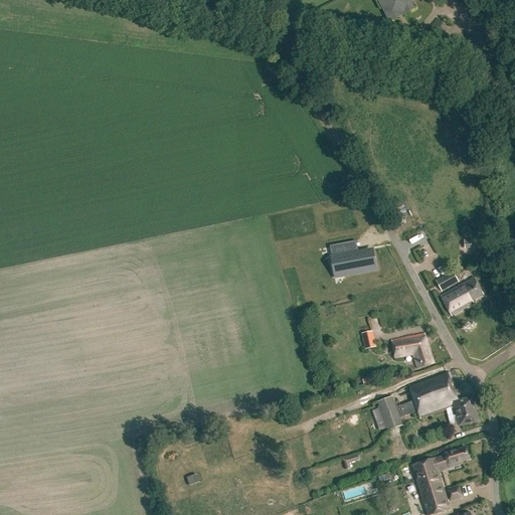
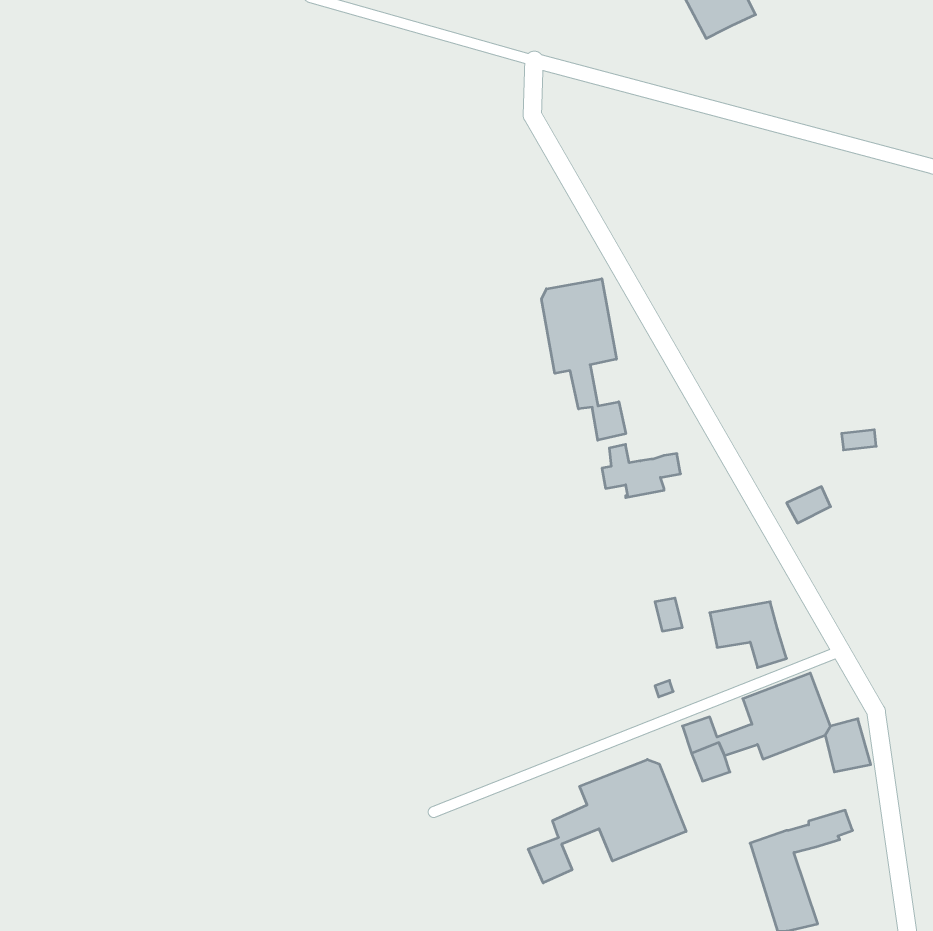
building: none -> [542,279,626,440]
building: [440,276,483,314] -> none
building: none -> [528,759,686,883]

